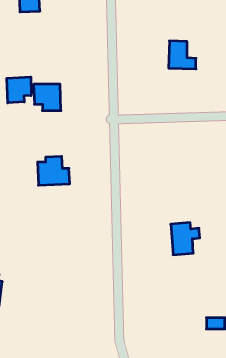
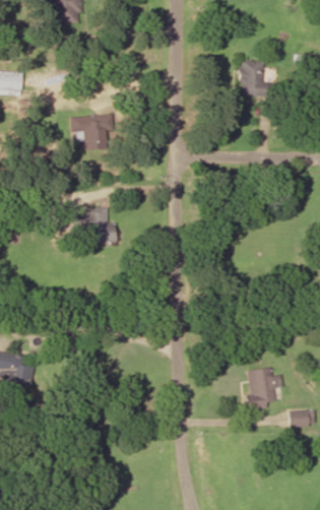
building: [7,77,31,103] -> none
building: [171,223,200,255] -> [248,367,284,407]

